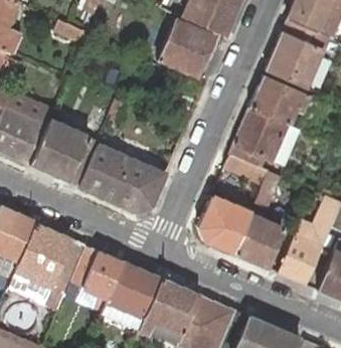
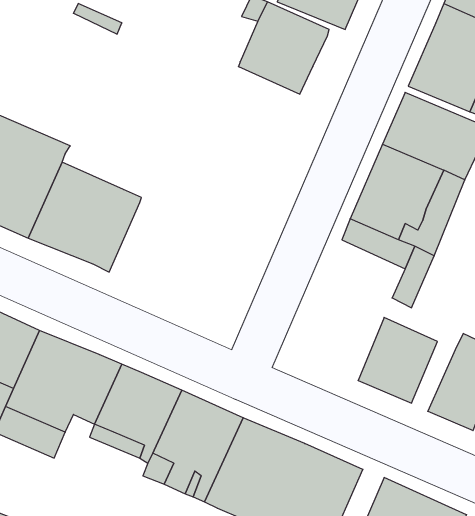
building: [78,143,166,211] -> none
building: [197,195,250,253] -> none

